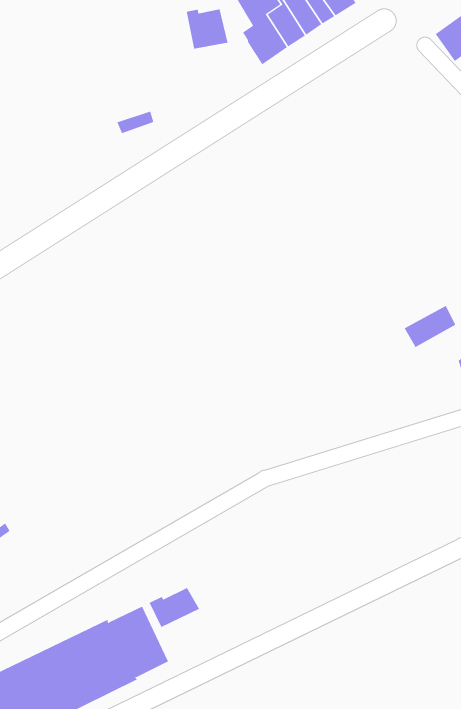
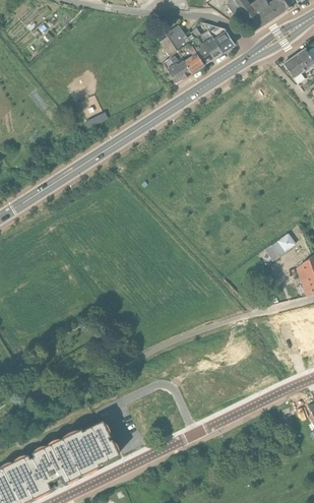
building: [186,8,228,50] -> none
building: [149,587,200,628] -> none

